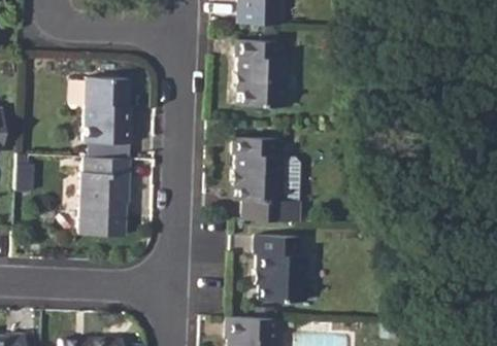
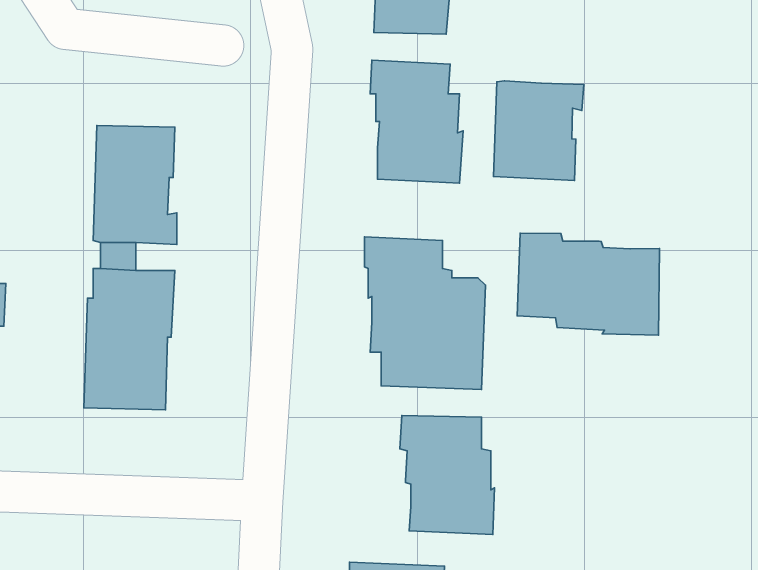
building: none -> [493,81,584,180]
building: none -> [517,233,660,335]

